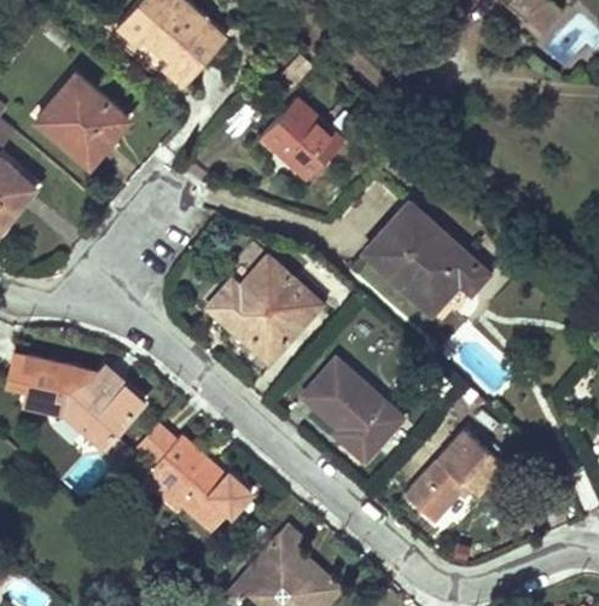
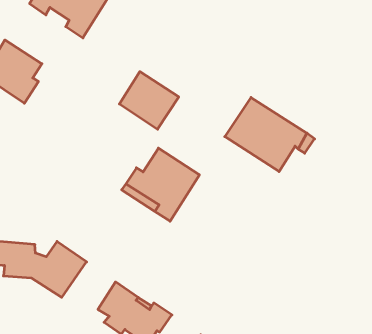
building: [261,98,345,182] -> [119,72,179,129]
building: [309,361,400,462] -> none
building: [403,430,505,524] -> none

